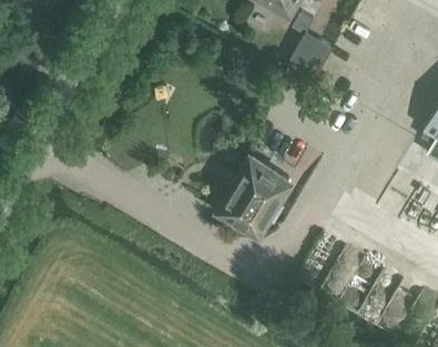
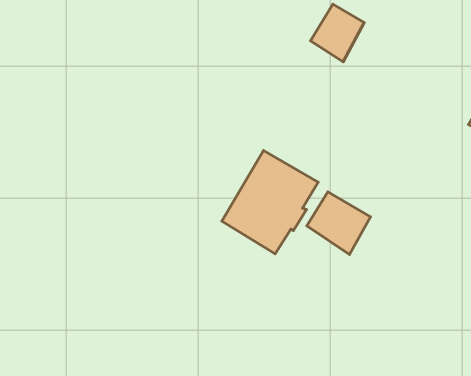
building: none -> [307,192,370,255]

